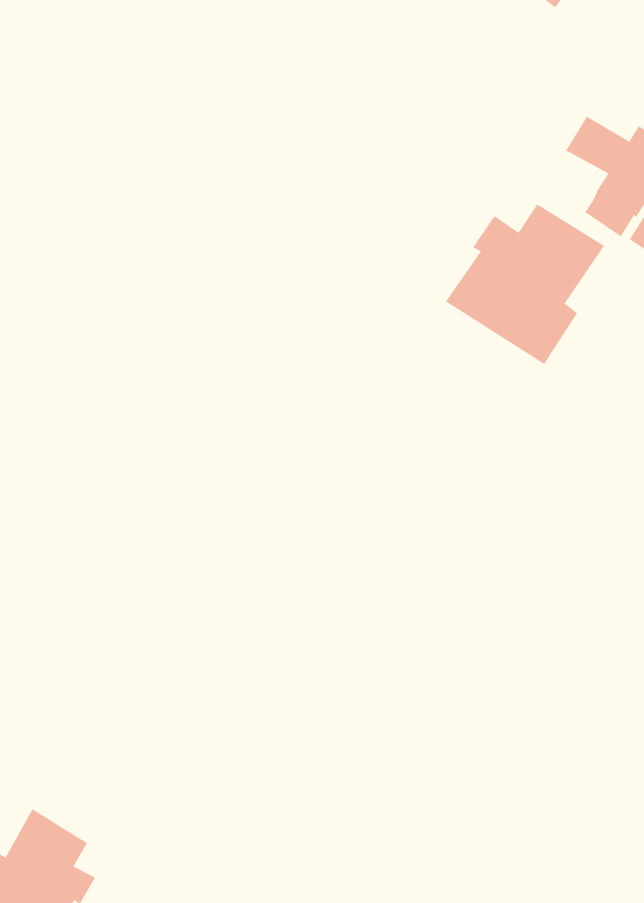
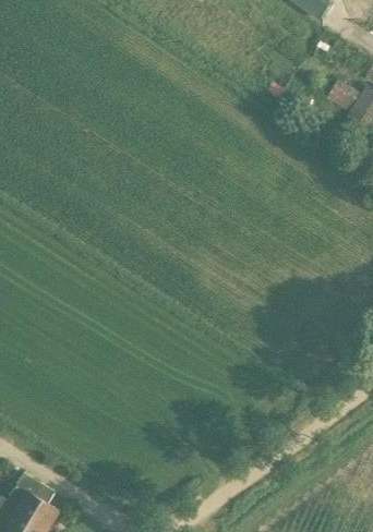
building: [445,204,605,365] -> none

